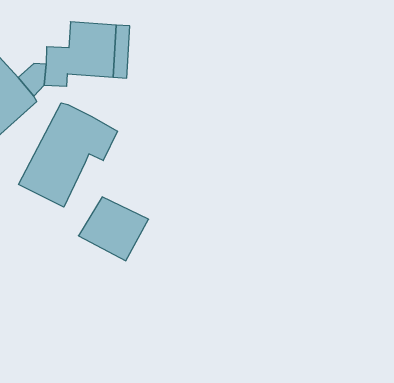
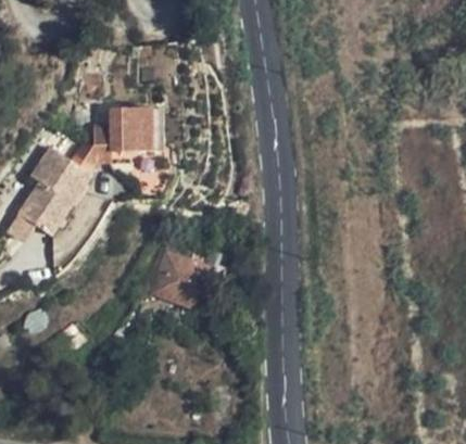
building: [19,103,117,207] -> none

